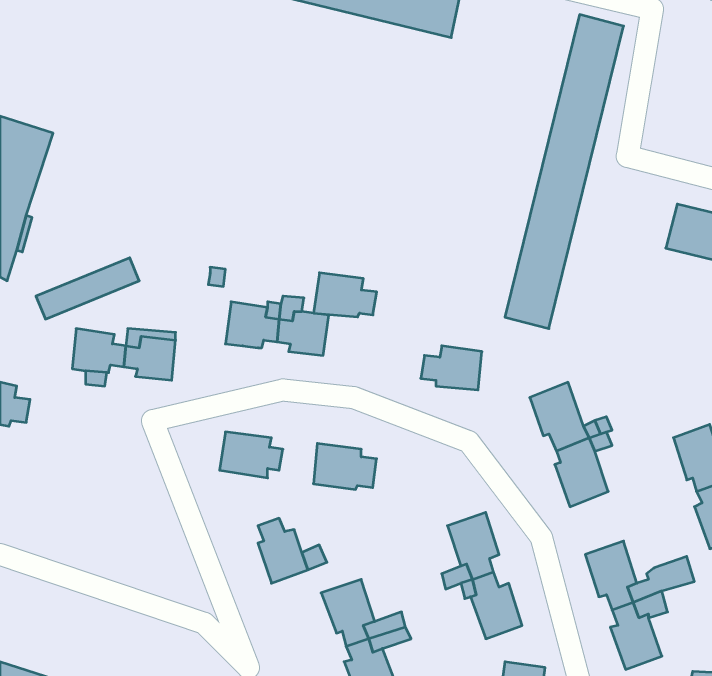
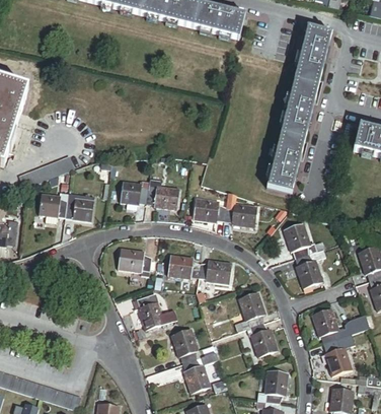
building: [314,273,377,317] -> [192,197,225,220]
building: none -> [198,259,229,283]

